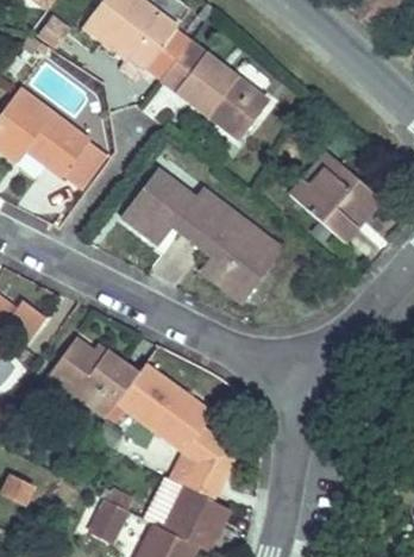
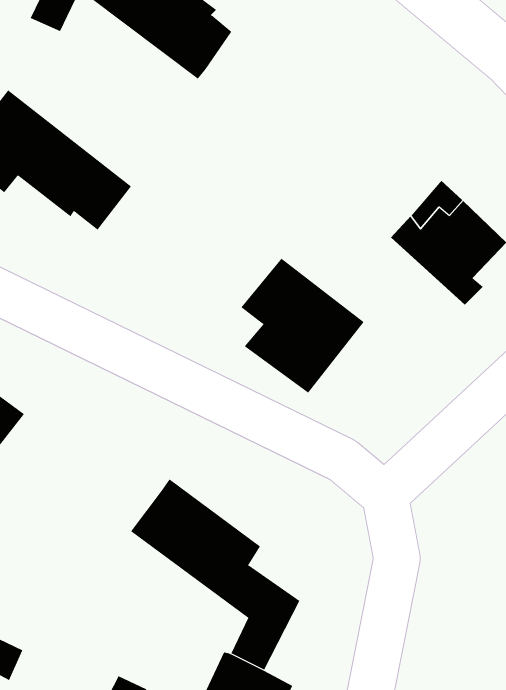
building: [167,48,264,134] -> none
building: [123,171,219,245] -> none
building: [43,333,134,415] -> none

